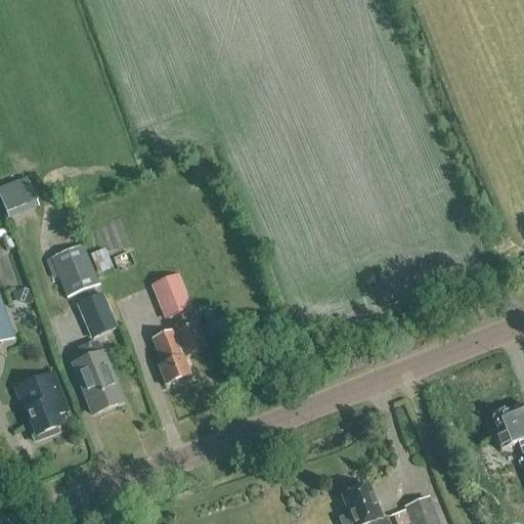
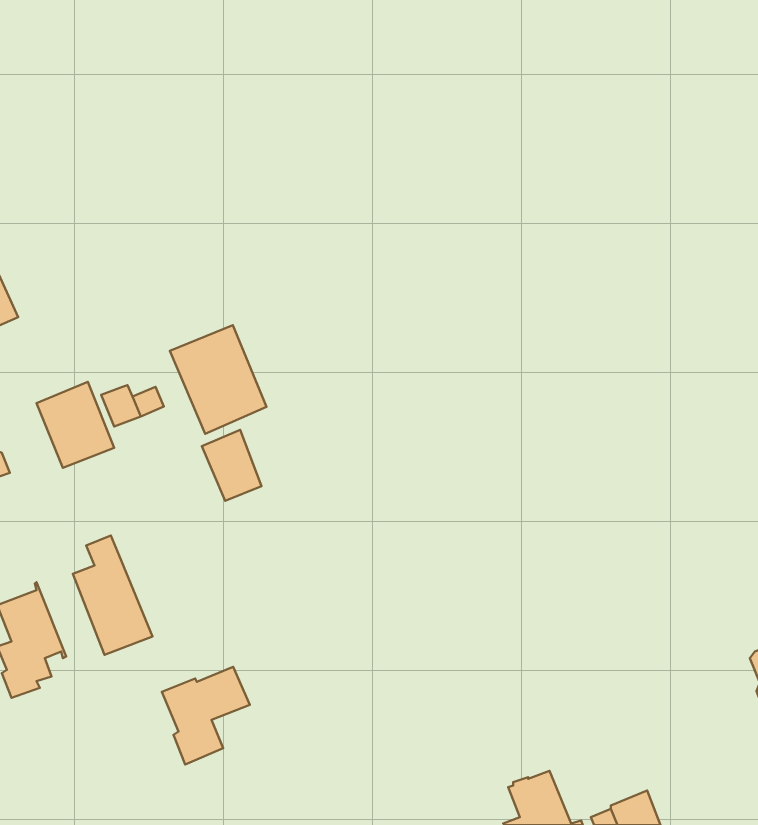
building: none -> [170,325,267,434]
building: [80,292,117,336] -> none
building: [151,323,206,384] -> [162,667,250,765]

